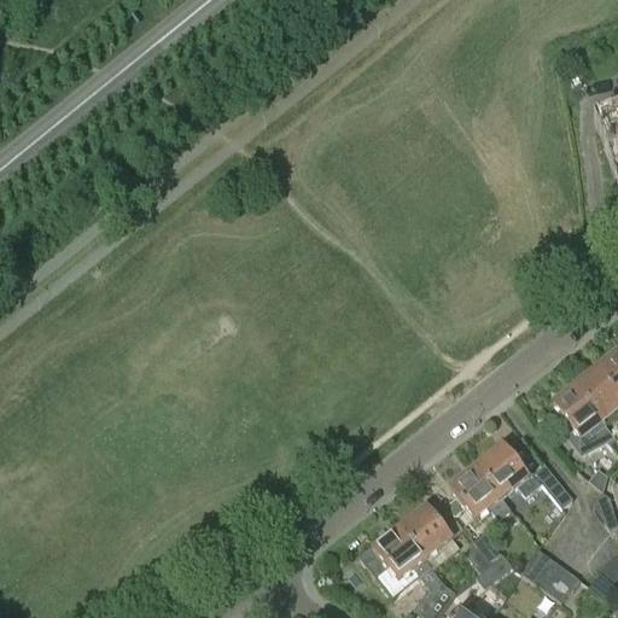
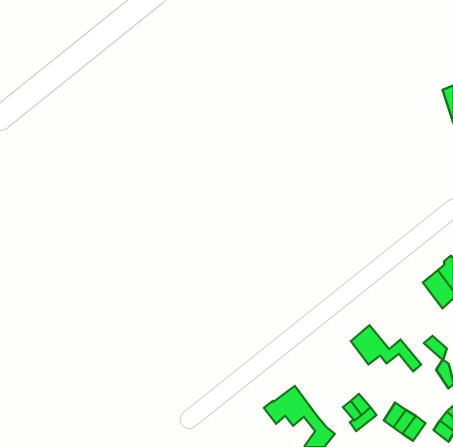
building: [554,383,602,442] -> none
building: [450,464,512,517] -> none
building: [402,503,460,566] -> none

